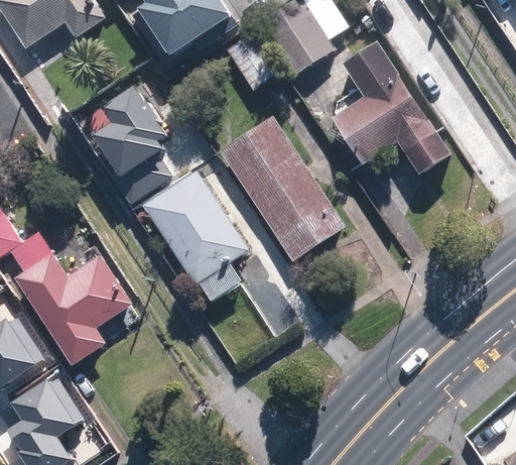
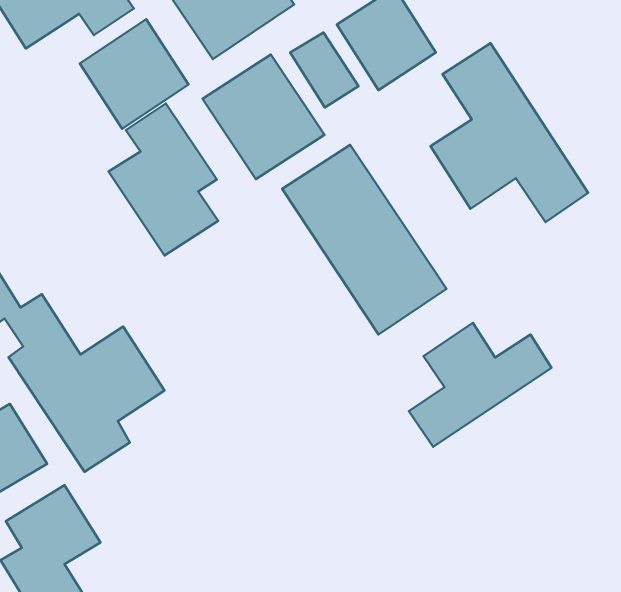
building: none -> [80,19,189,129]
building: none -> [202,55,325,179]
building: [141,170,247,302] -> none
building: none -> [409,323,551,447]

